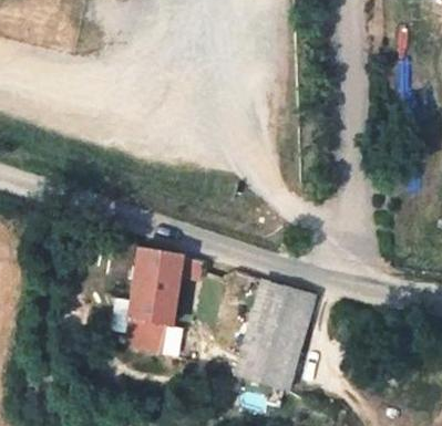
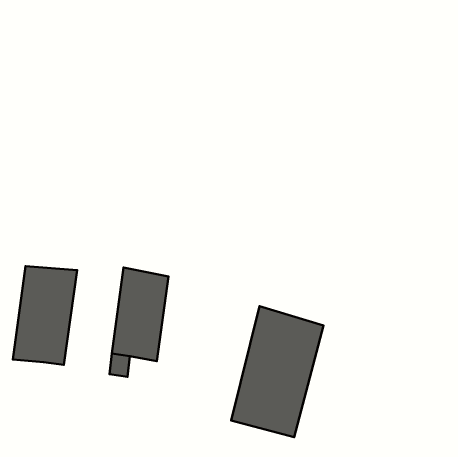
building: none -> [13,266,77,365]

